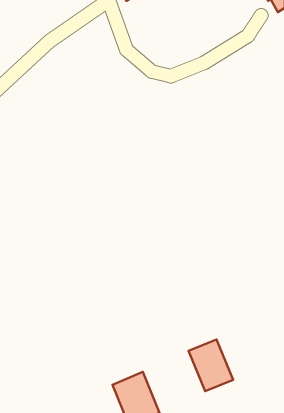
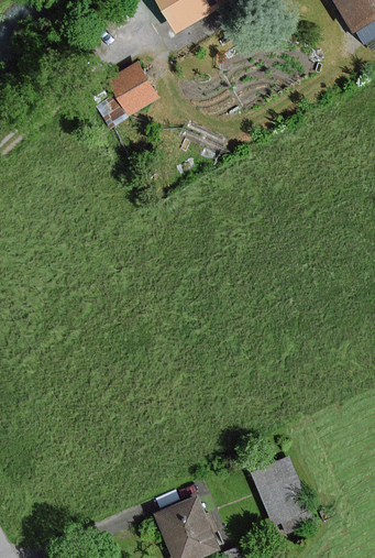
building: none -> [108,63,157,114]

